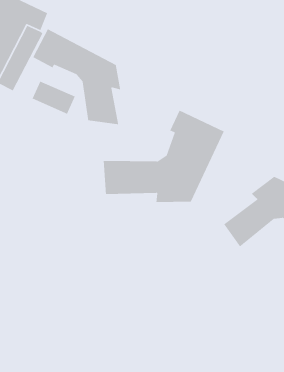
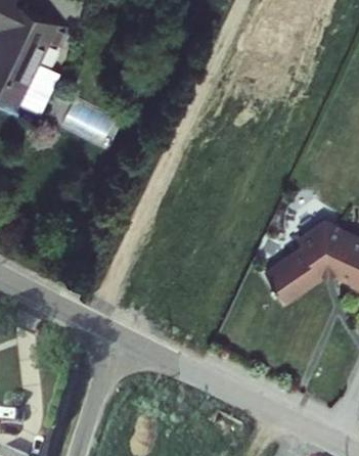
building: [32,28,121,125] -> none
building: [103,109,225,203] -> none

